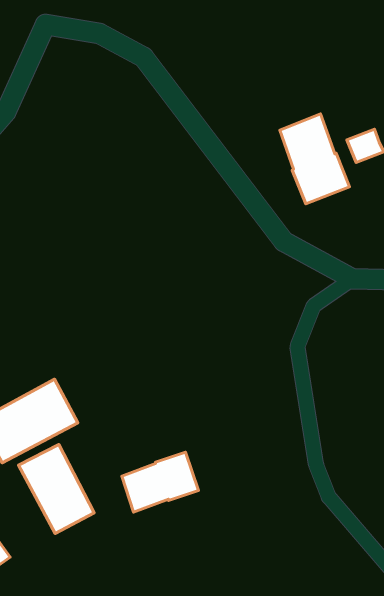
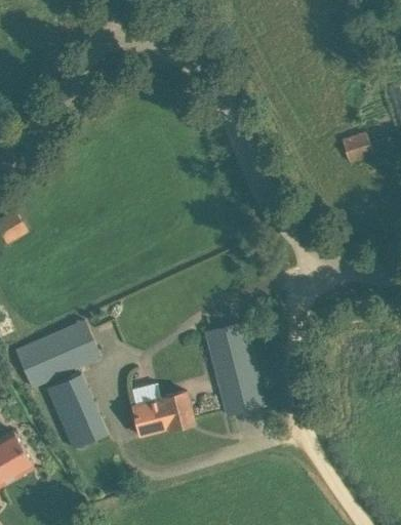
building: [280,114,350,204] -> none
building: none -> [205,323,265,416]

